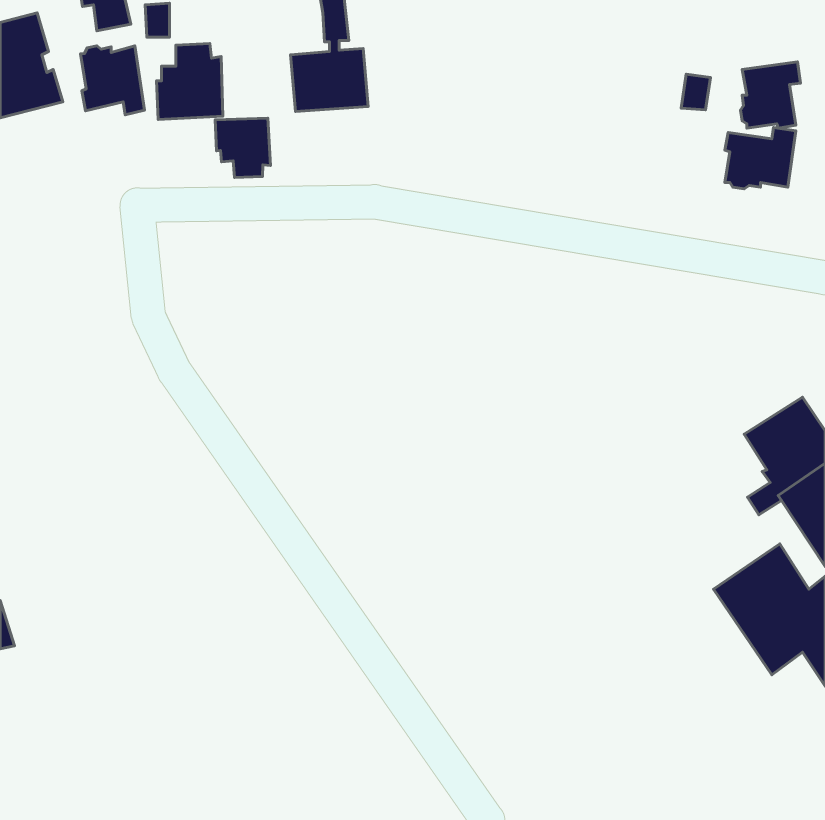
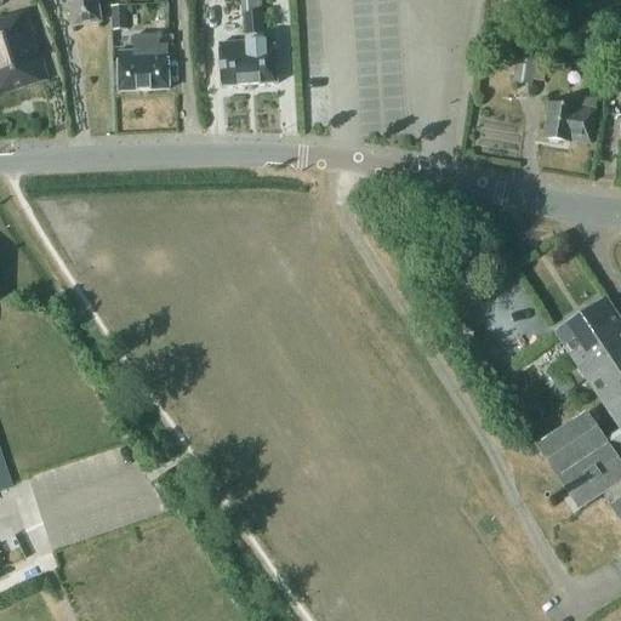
building: [80,46,145,115] -> none
building: [740,62,801,128] -> none
building: [215,118,271,178] -> none

